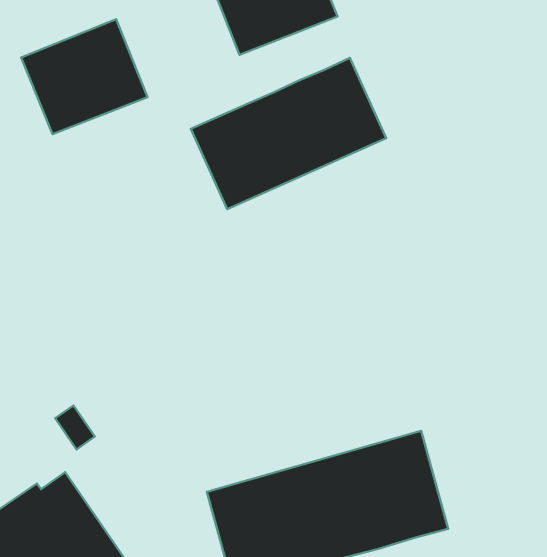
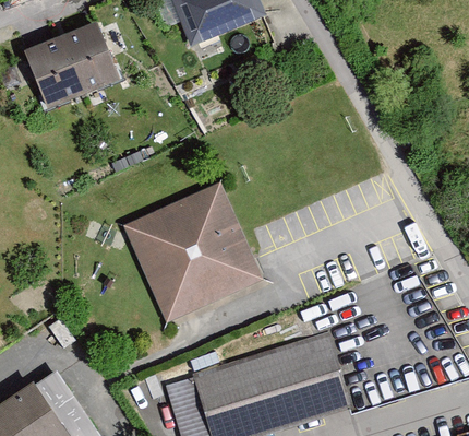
building: [191,58,386,209] -> none
building: none -> [122,181,265,326]

